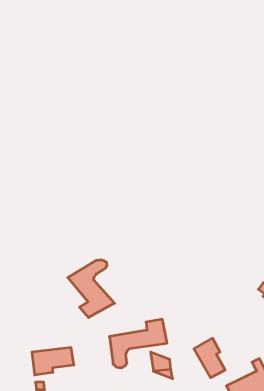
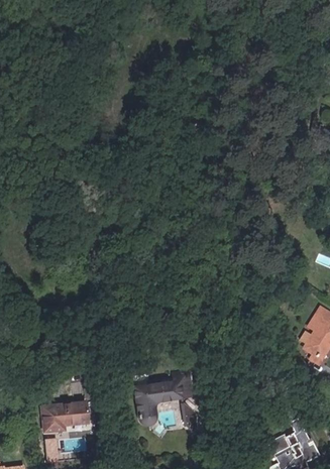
building: [68,260,115,318] -> none
building: [194,338,225,378] -> none

